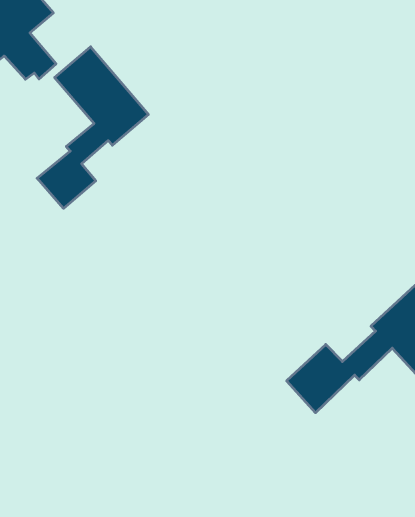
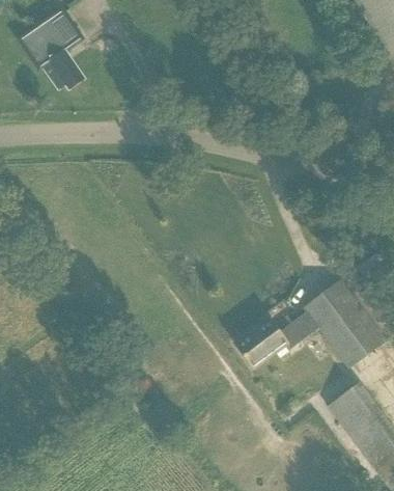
building: [37,47,148,208] -> none

